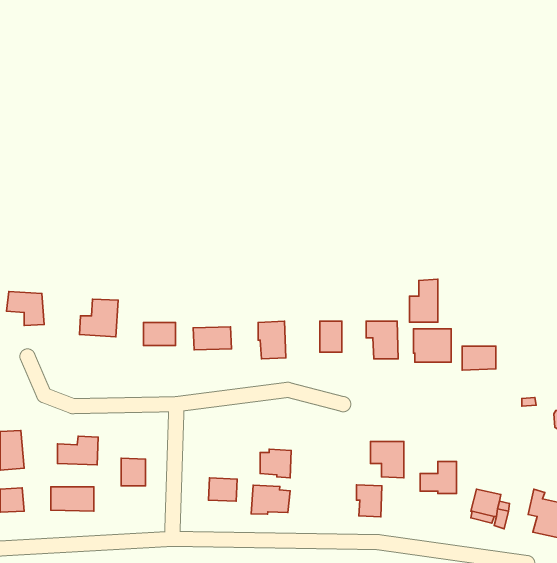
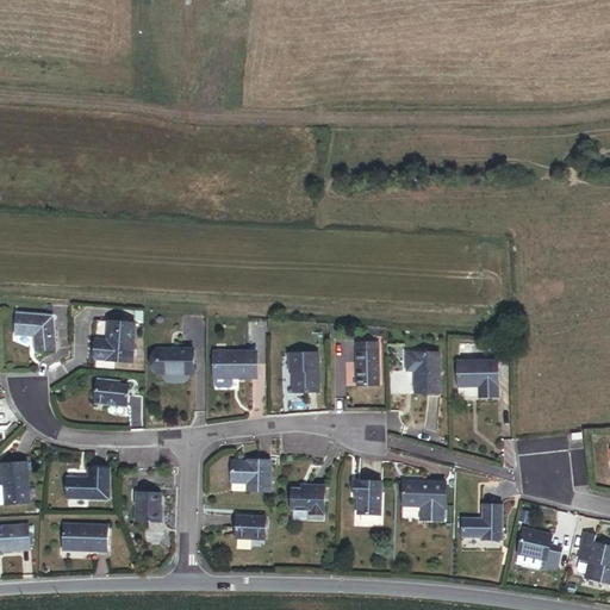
building: [409,279,438,322] -> none
building: [462,346,496,370] -> none
building: none -> [97,381,130,409]
building: none -> [230,459,268,491]
building: [357,485,382,517] -> [351,481,379,516]
building: [251,485,290,514] -> none

